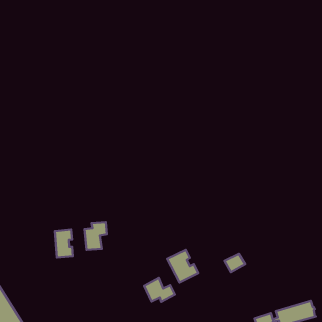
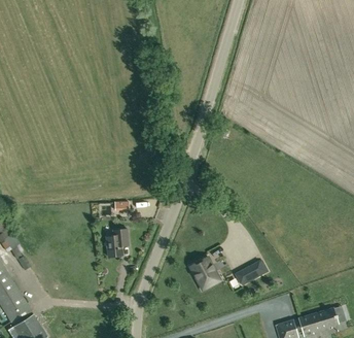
building: [55,230,73,258] -> none
building: [144,278,175,302] -> none

